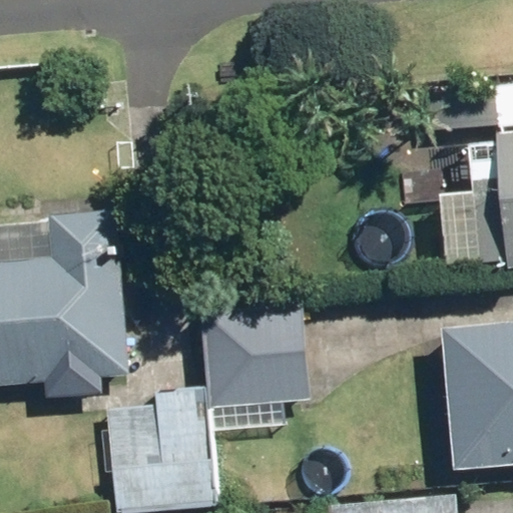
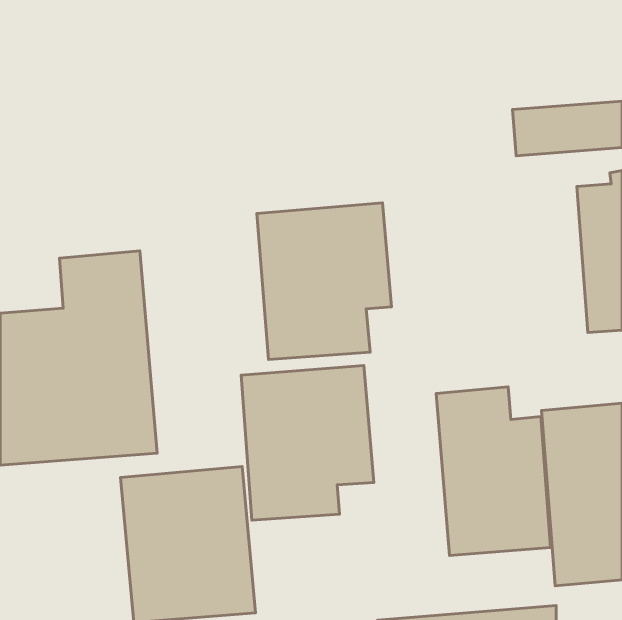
building: none -> [257,203,392,360]
building: none -> [436,387,551,556]

